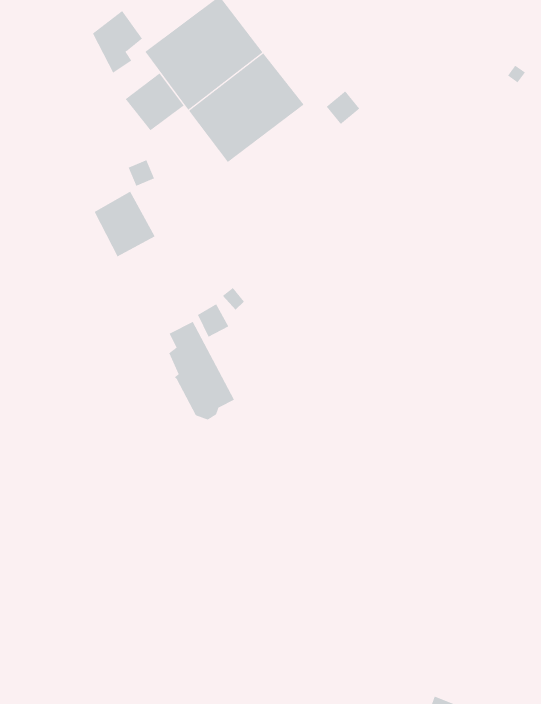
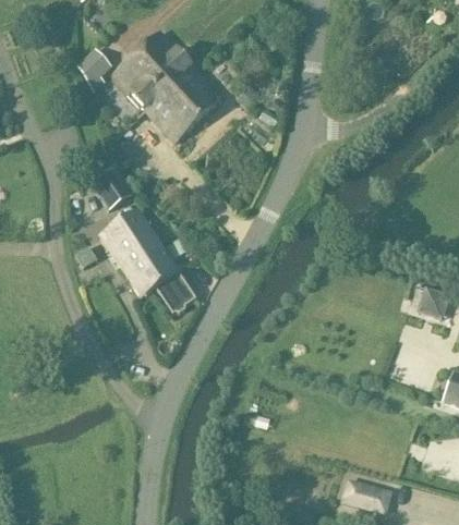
building: [125,72,185,131] -> none
building: none -> [100,210,164,297]

